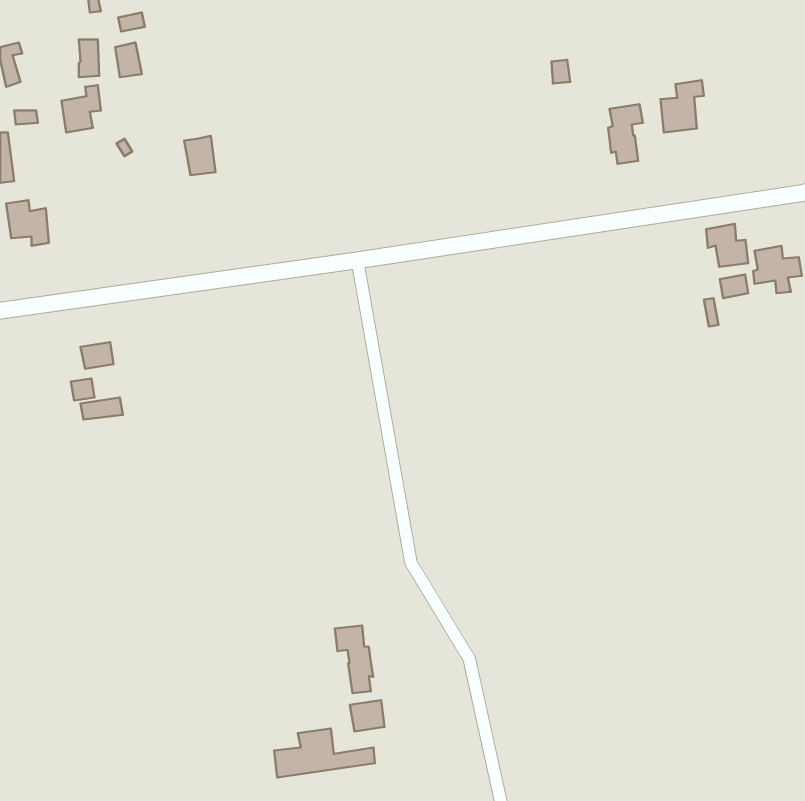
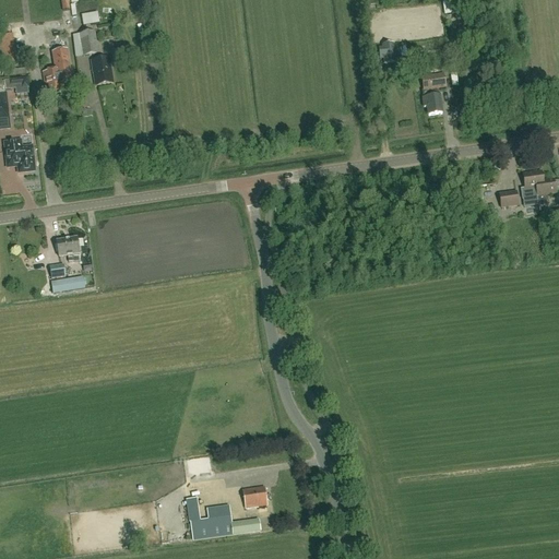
building: [661,80,704,132] -> none
building: [184,136,216,175] -> [91,56,112,83]
building: [706,224,748,267] -> none
building: [335,626,373,693] -> none

